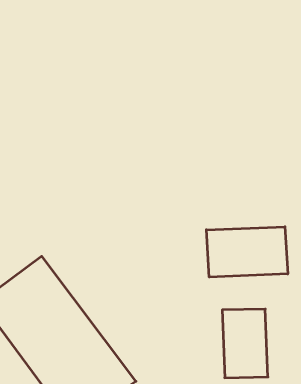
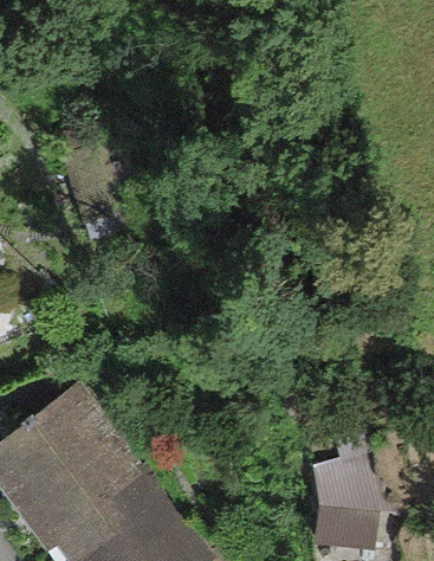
building: [206,227,288,277] -> none

